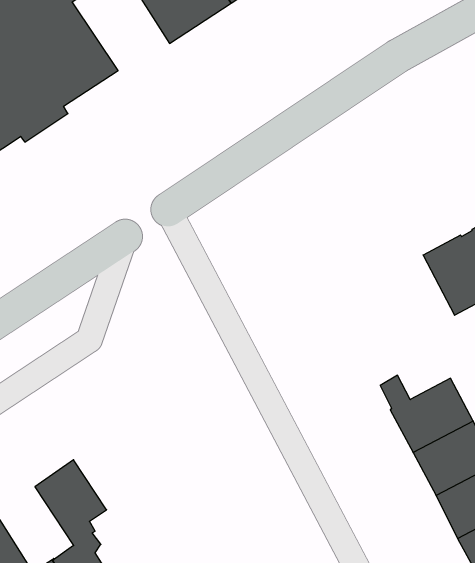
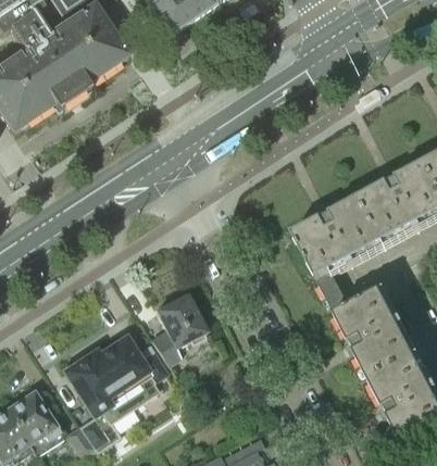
building: none -> [294,196,384,294]
building: none -> [151,294,207,366]
building: none -> [95,337,165,389]

